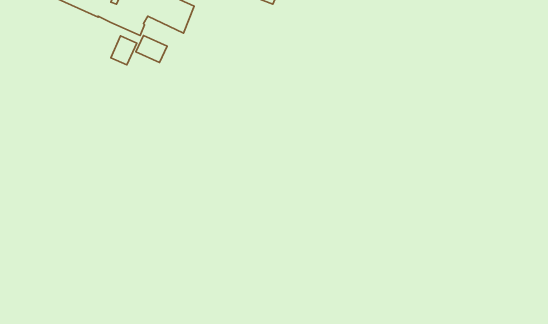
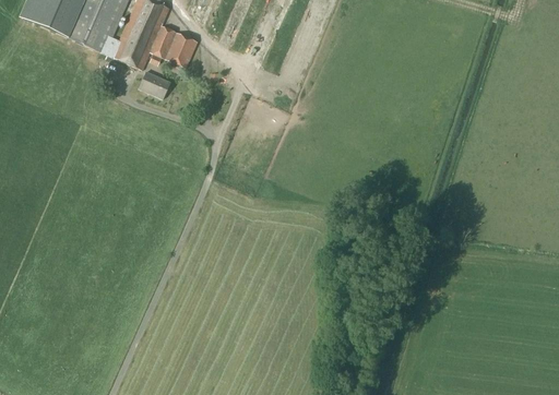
building: [111,36,137,65] -> none

